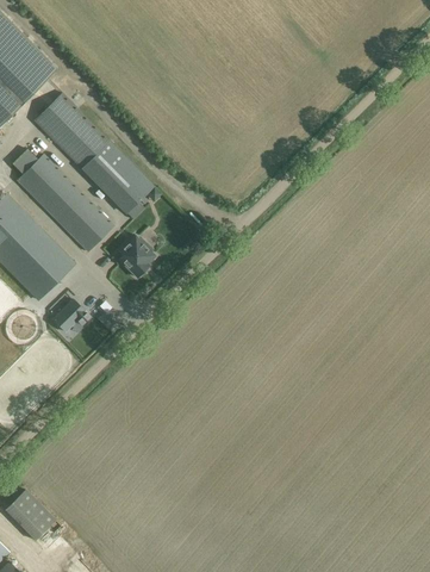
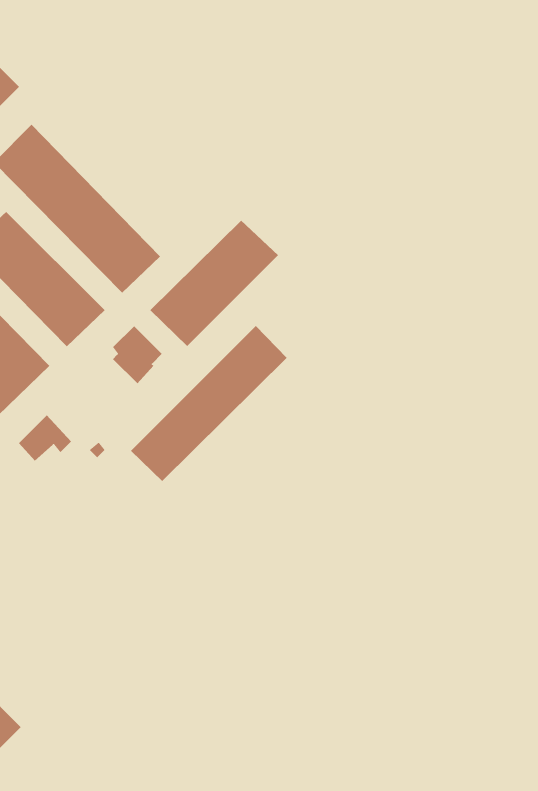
building: none -> [149,220,279,347]
building: none -> [130,325,287,482]

